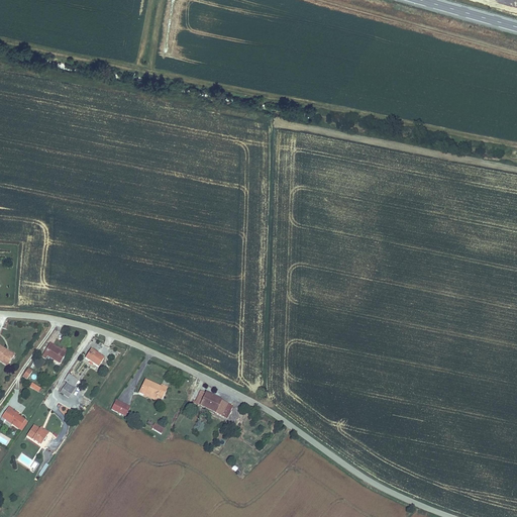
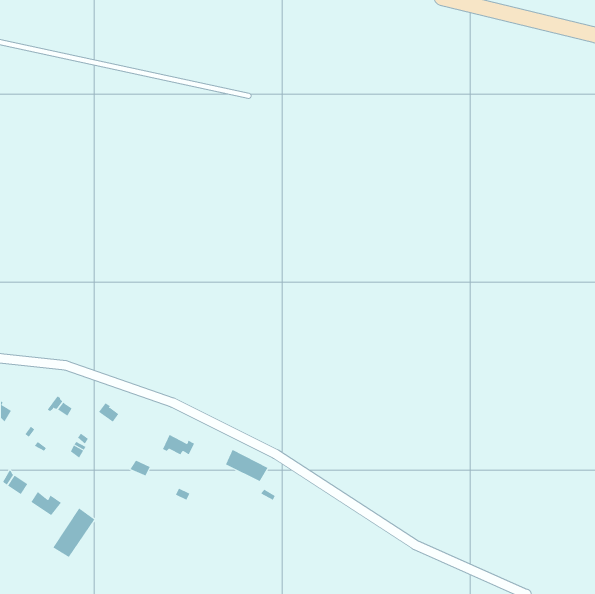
building: none -> [52,508,95,558]

